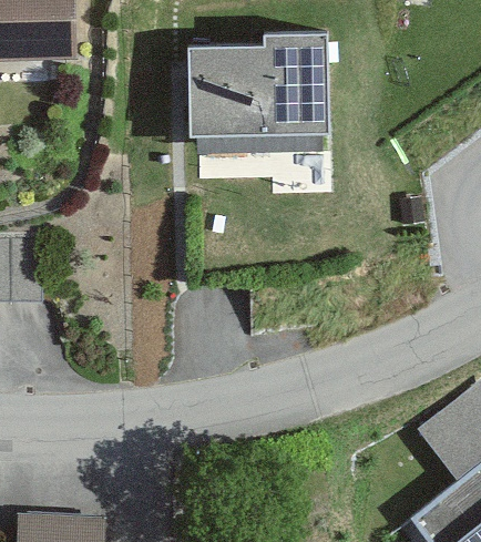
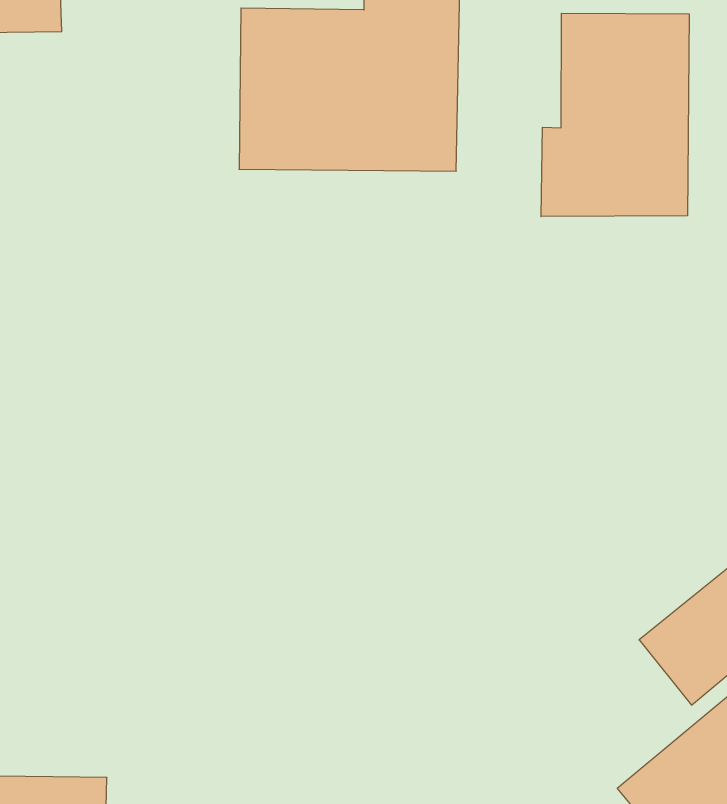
building: none -> [541,13,689,217]

